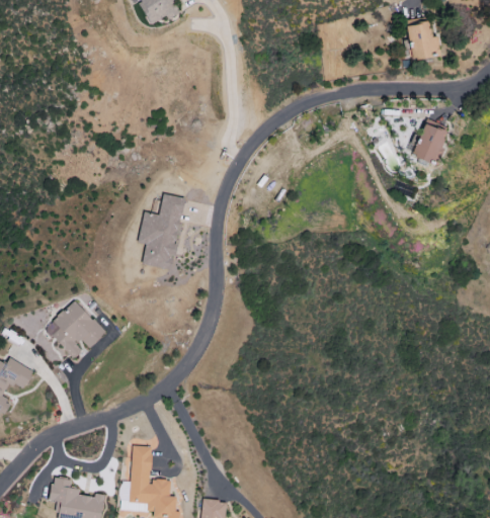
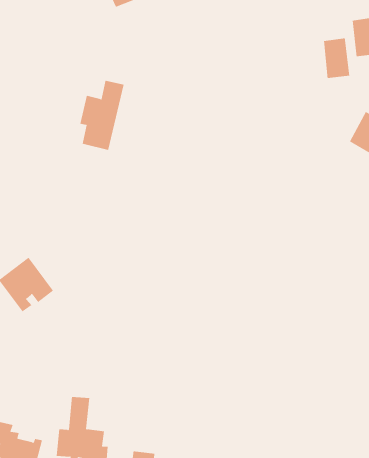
building: none -> [324,38,350,79]
building: [139,194,184,269] -> [79,80,125,150]

